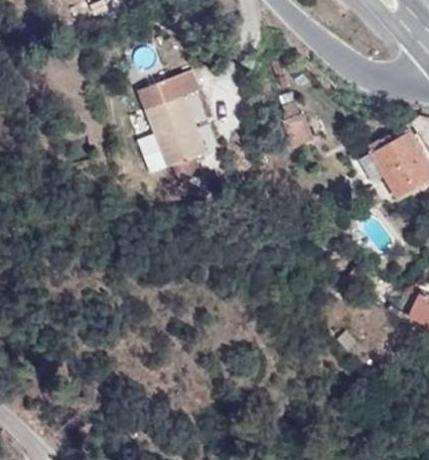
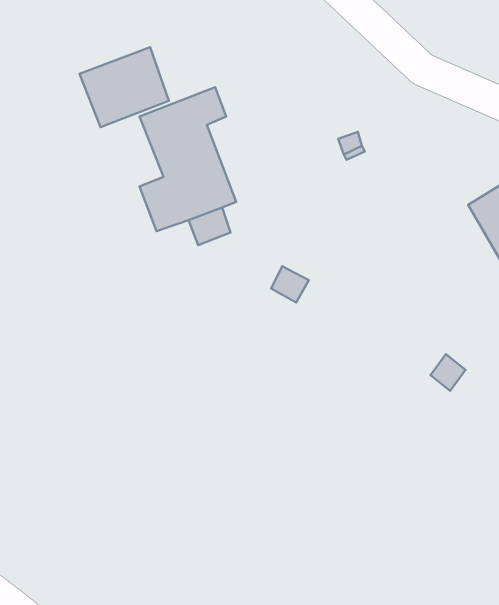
building: none -> [79,47,169,127]

